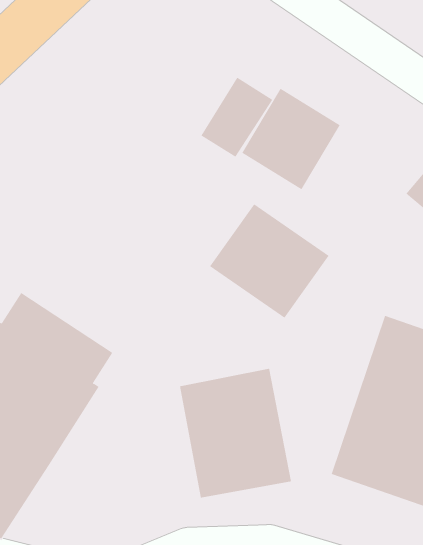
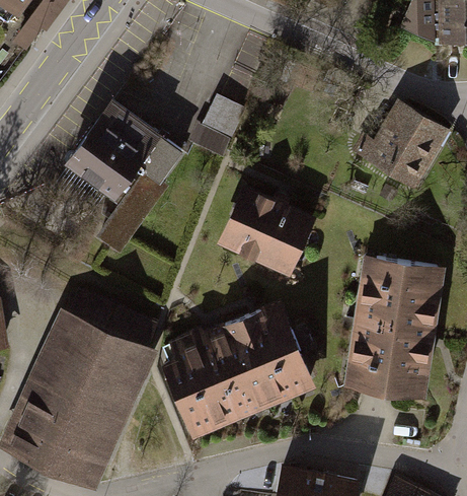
building: none -> [66,89,192,245]
building: [241,88,341,190] -> none
building: none -> [162,339,245,443]

